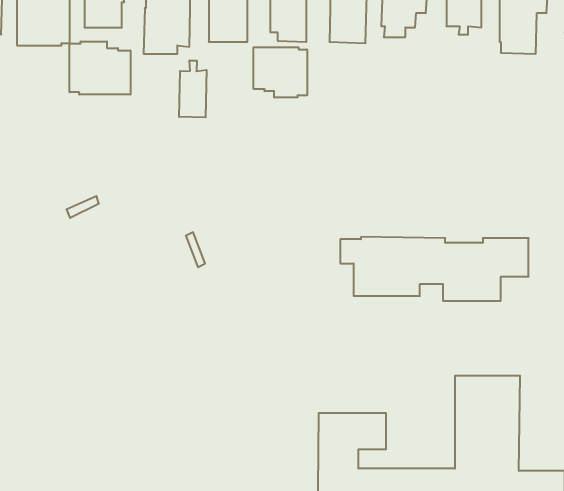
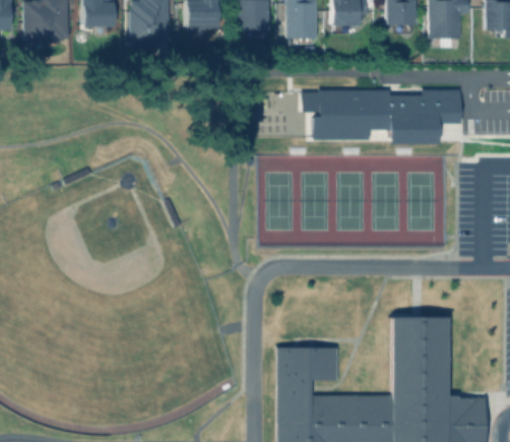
building: [70,41,130,95] -> none
building: [254,47,307,98] -> none
building: [179,60,207,117] -> none
building: [340,237,529,301] -> [303,90,461,144]

